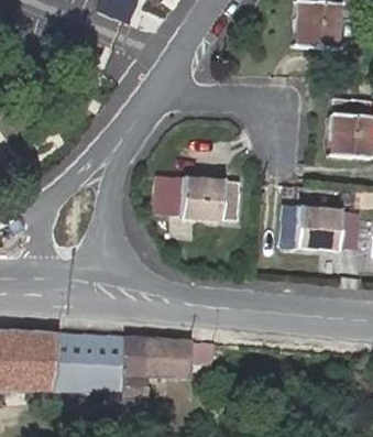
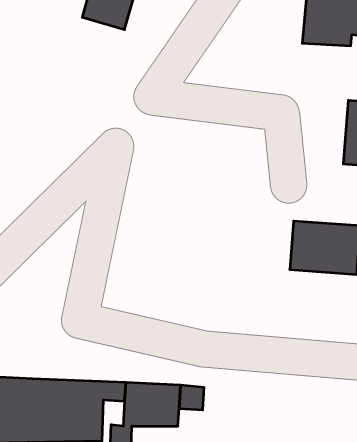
building: [154,168,243,212] -> none

